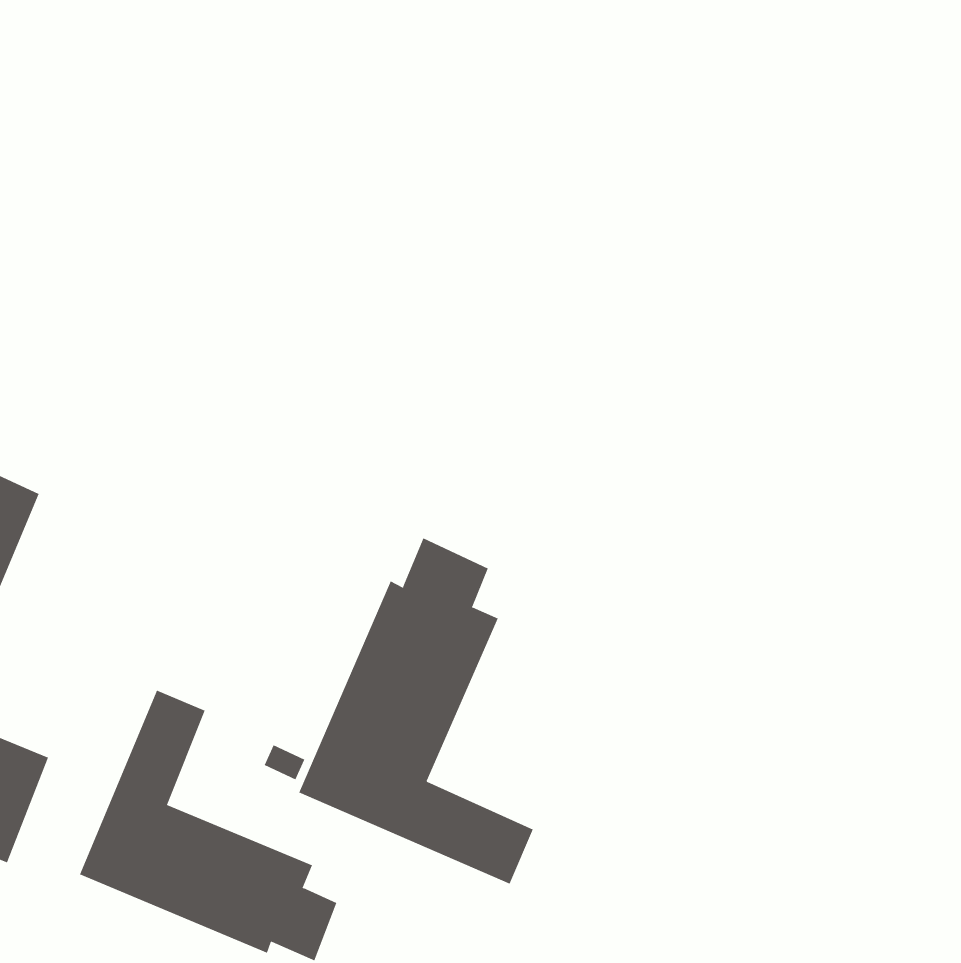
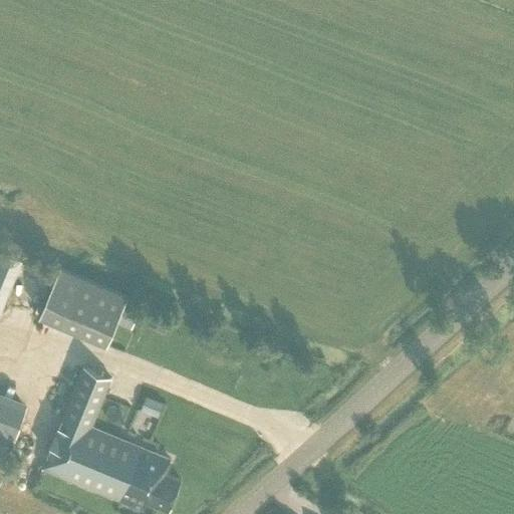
building: none -> [38,268,127,347]
building: [299,538,534,885] -> none

